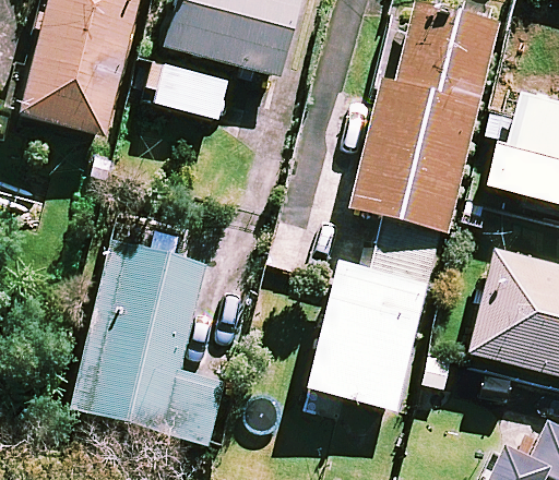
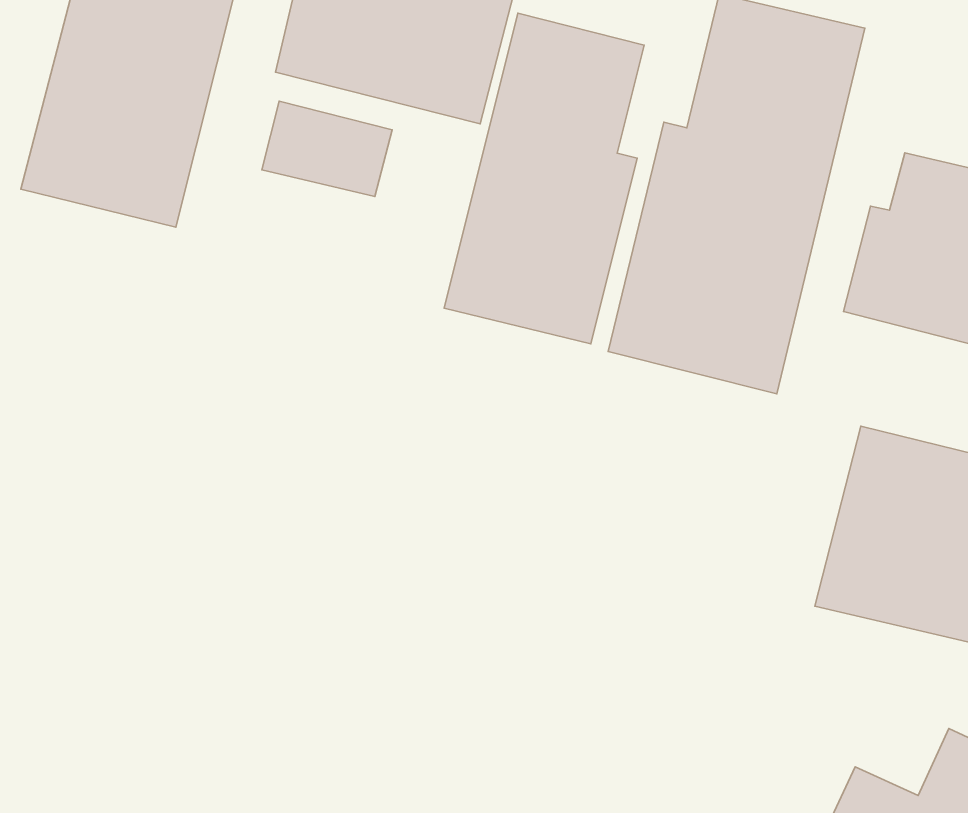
building: none -> [444,13,644,344]
building: [308,229,438,408] -> none
building: [69,239,224,442] -> none

